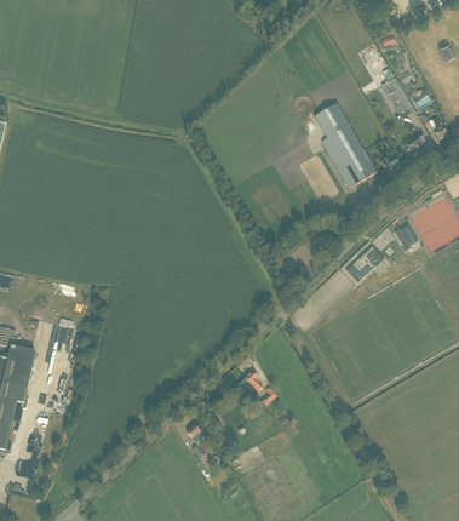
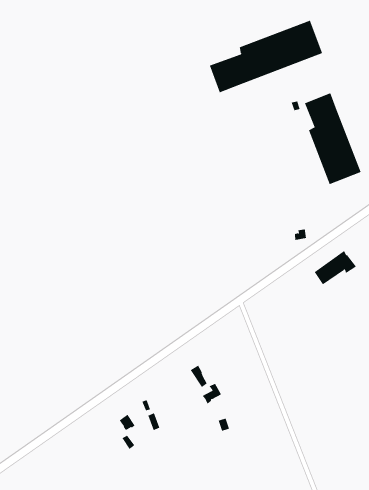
building: none -> [209,20,323,93]

